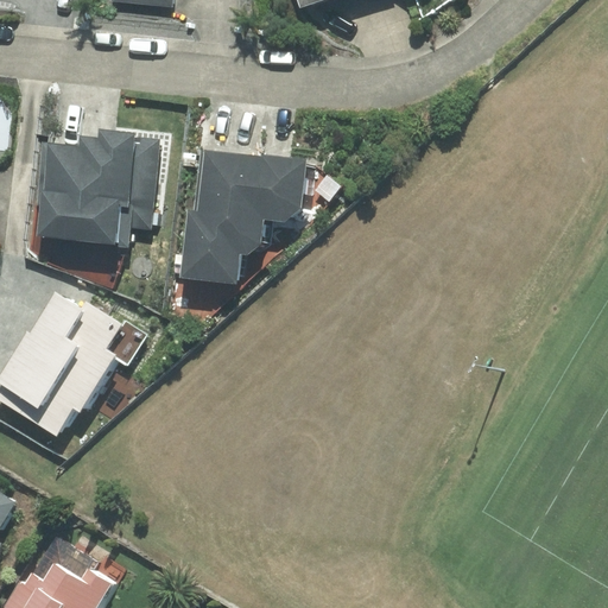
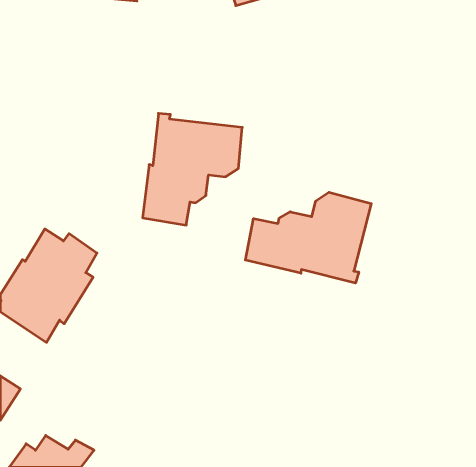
building: [38,132,137,248] -> none
building: none -> [245,192,371,283]

